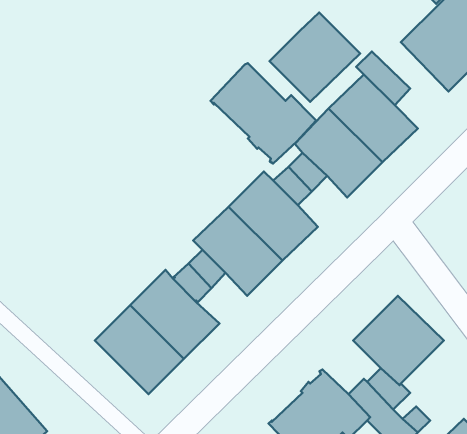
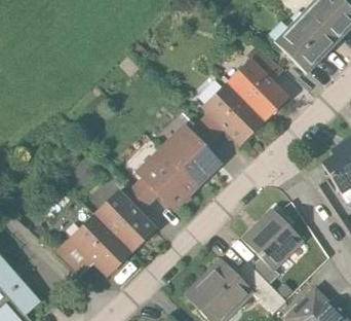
building: [269,13,360,102] -> none
building: [210,63,316,163] -> none
building: none -> [57,239,92,273]

